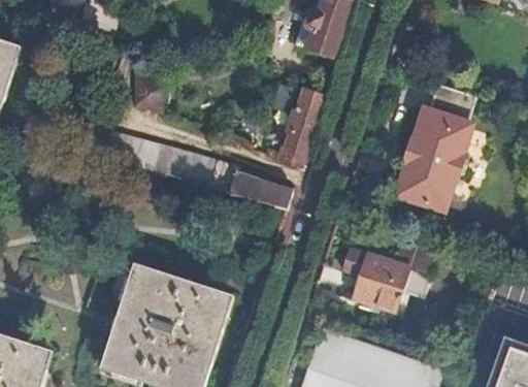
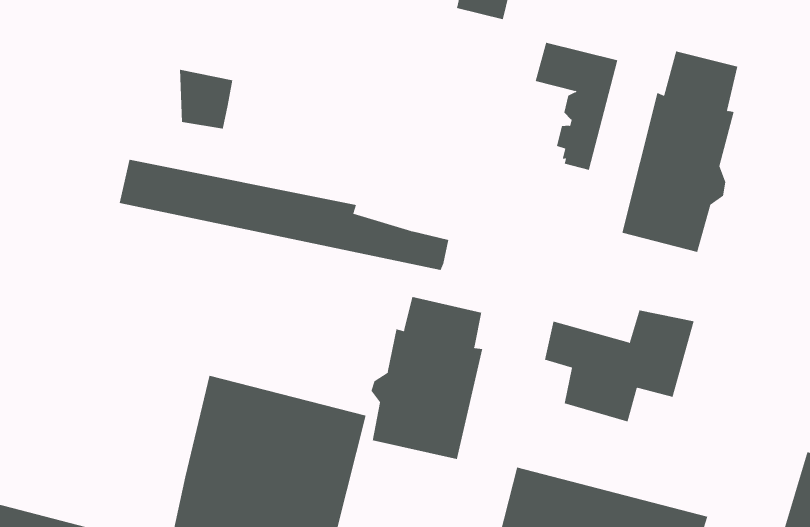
building: [269,83,322,164] -> [535,42,618,170]
building: none -> [371,296,483,460]

